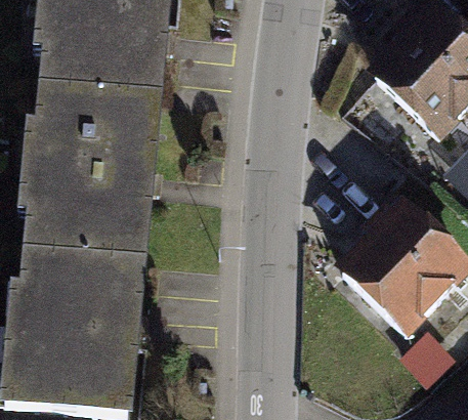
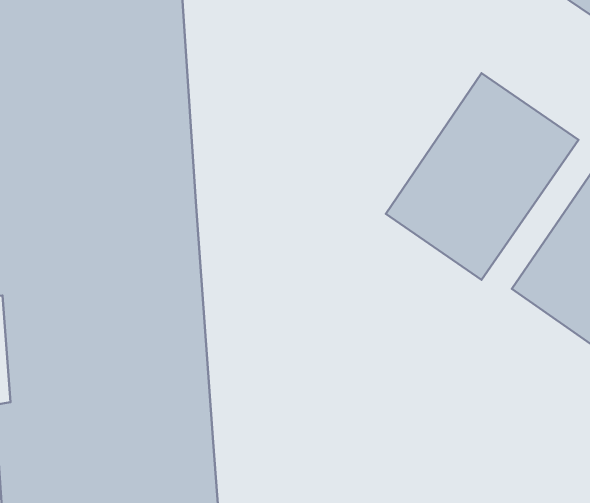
building: none -> [386,73,579,280]

